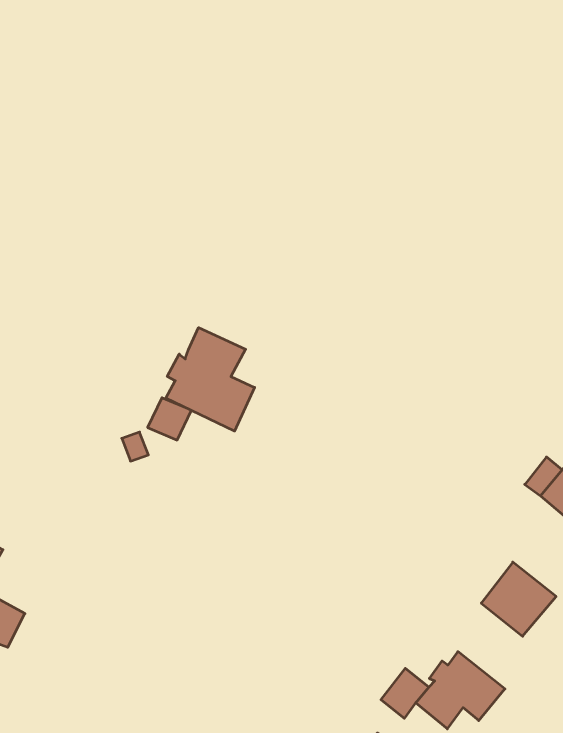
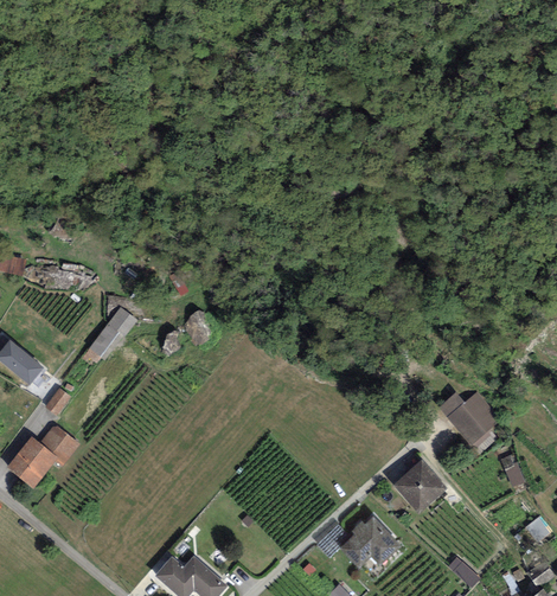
building: [166,328,255,431] -> none
building: none -> [89,307,137,357]

